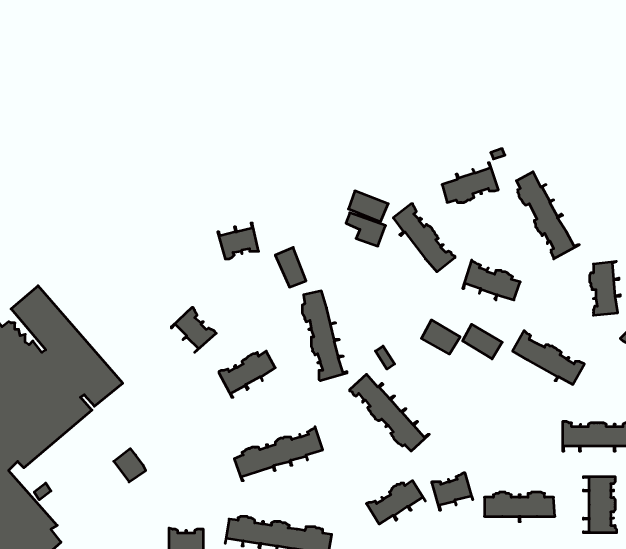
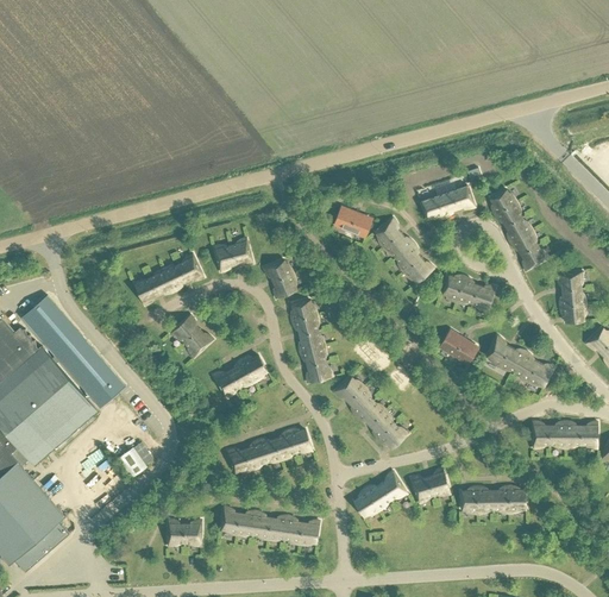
building: none -> [132,253,202,304]
building: [421,320,460,354] -> none
building: [583,477,617,533] -> none

